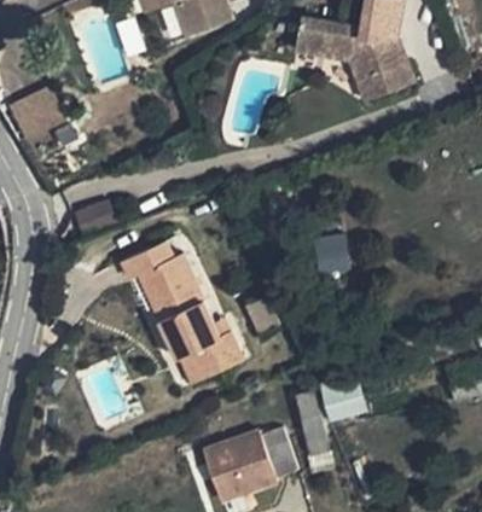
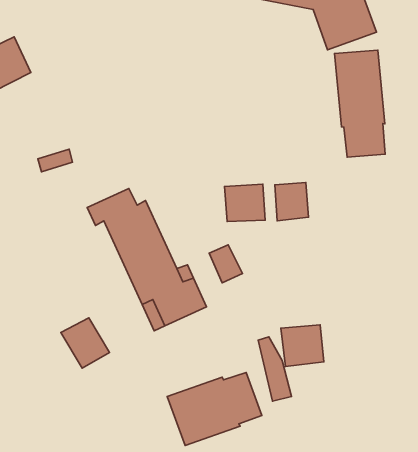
building: none -> [335,50,385,157]
building: none -> [225,184,265,221]
building: none -> [61,318,109,368]

